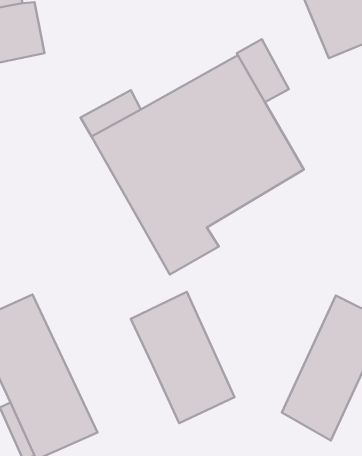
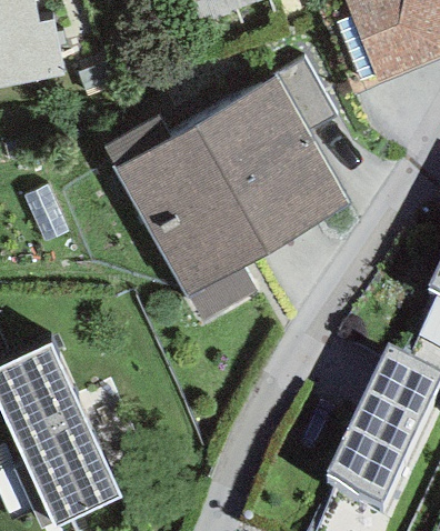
building: [131,292,235,423] -> none

